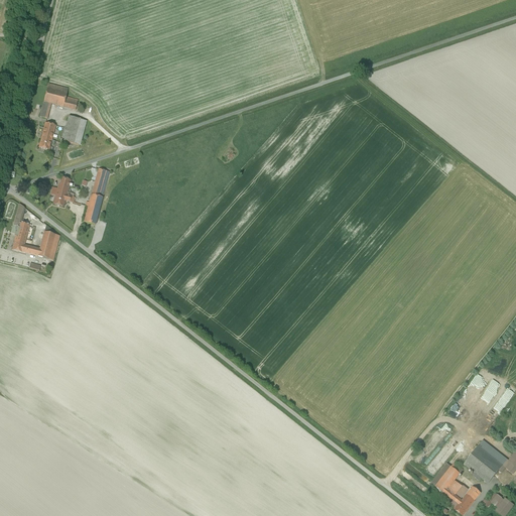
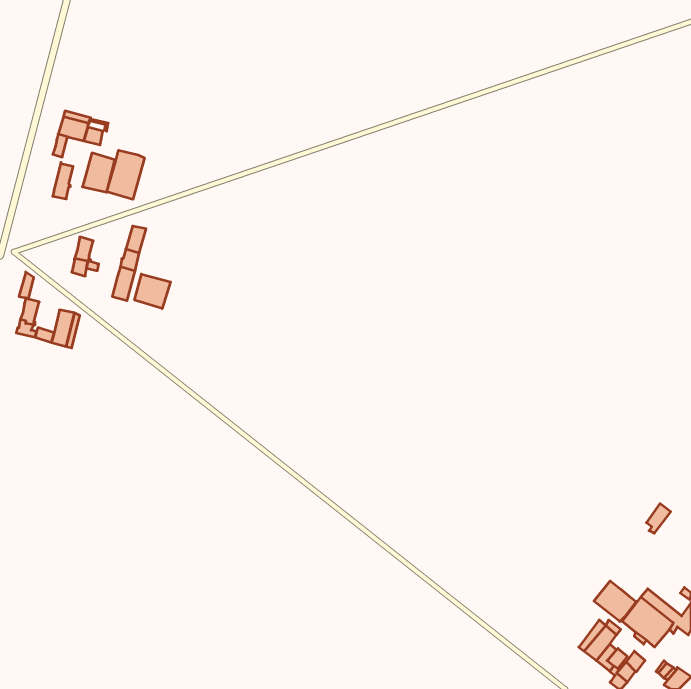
building: none -> [107,150,144,199]
building: none -> [135,274,171,309]
building: none -> [594,581,636,622]

